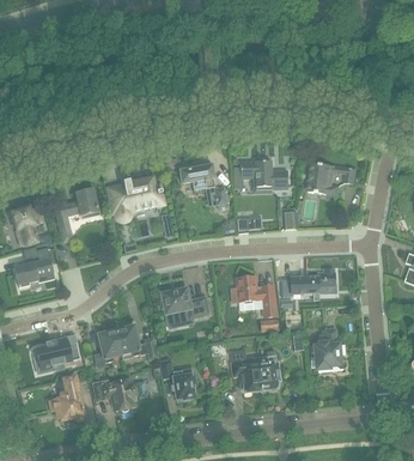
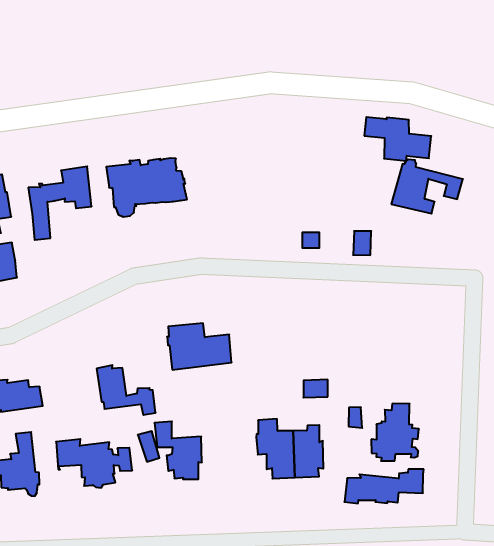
building: [241,159,287,188] -> [364,117,431,161]
building: [179,163,226,202] -> none
building: [281,267,335,296] -> [344,469,424,503]
building: [231,274,275,316] -> none
building: [95,327,121,365] -> none

